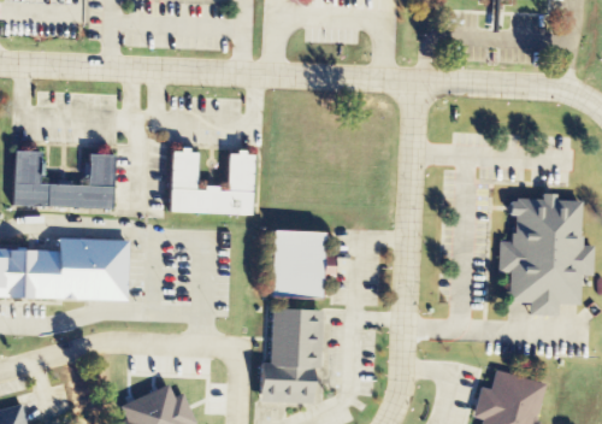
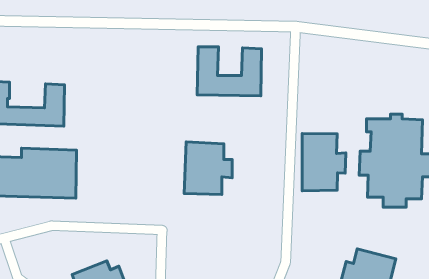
building: [169,149,253,213] -> [197,47,262,96]
building: none -> [302,133,346,191]
building: [256,307,319,402] -> none

